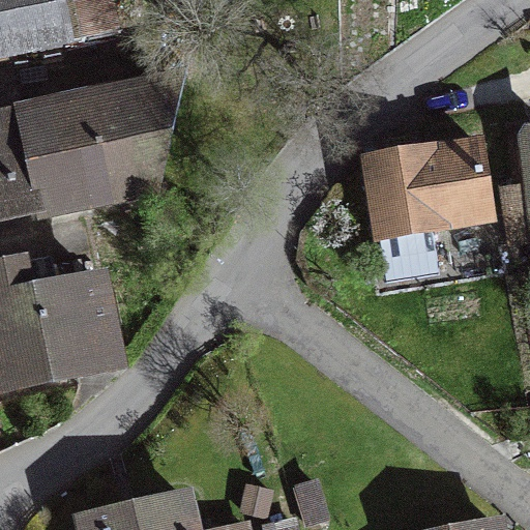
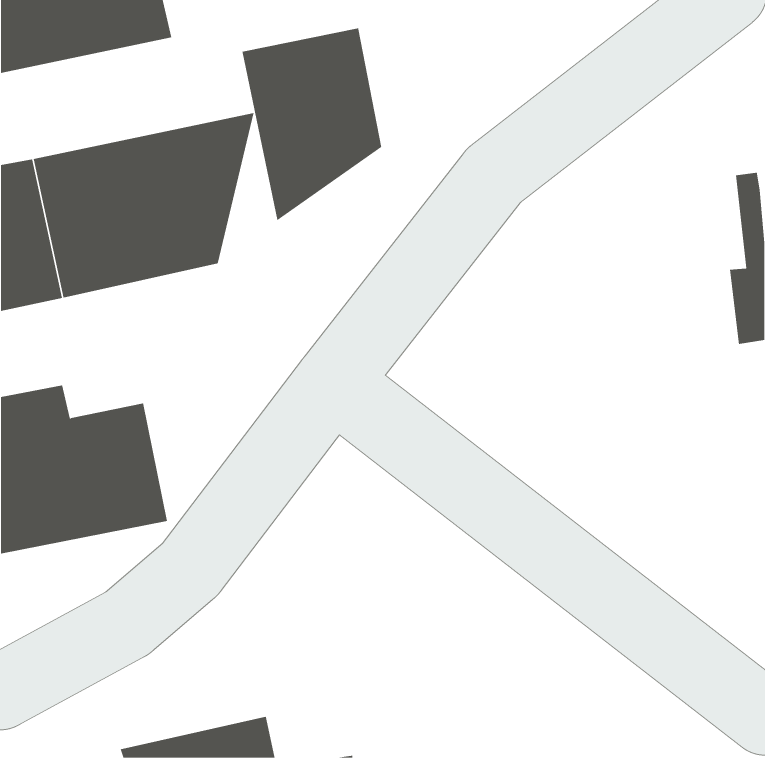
building: none -> [242,27,382,221]
building: [364,139,490,278] -> none

